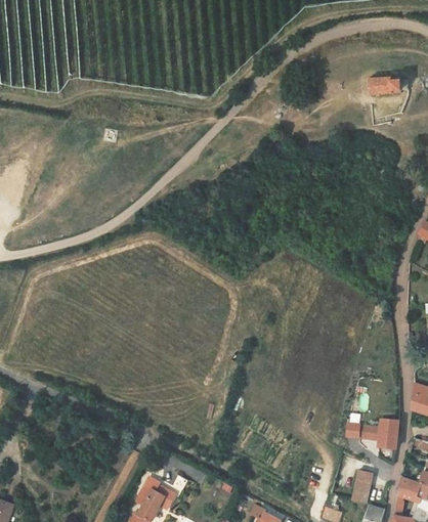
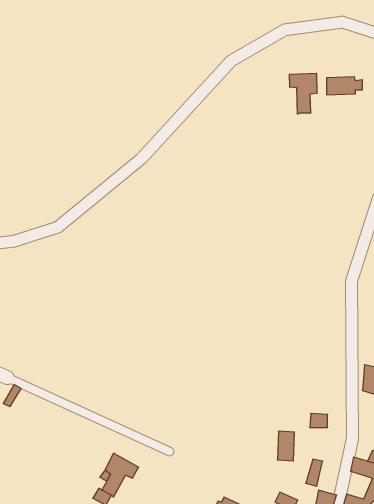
building: none -> [289,73,317,114]
building: [377,421,394,451] -> [277,431,294,461]

